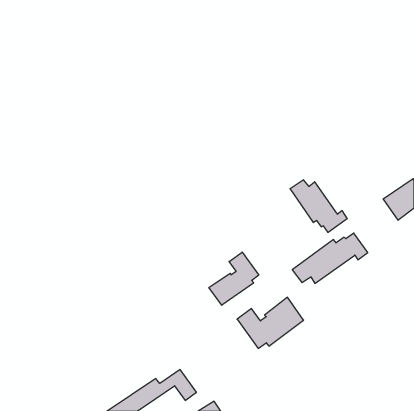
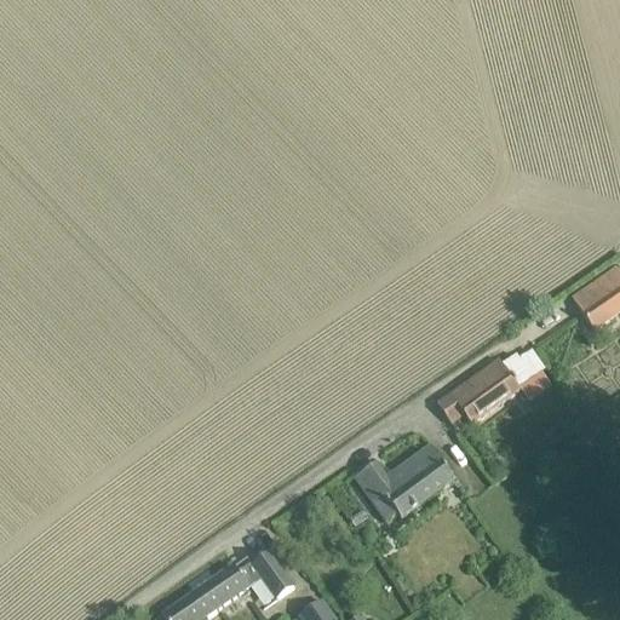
building: [290,180,347,232] -> none
building: [209,252,259,305] -> none

